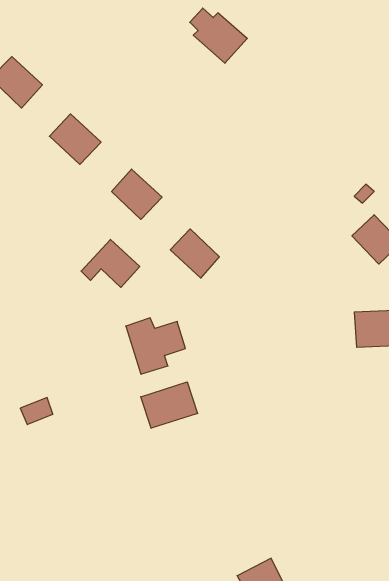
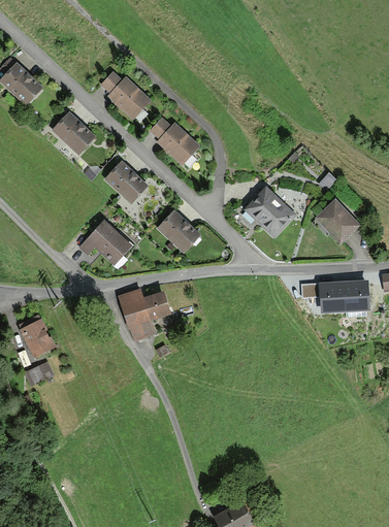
building: [190,8,247,63] -> [102,72,153,121]
building: none -> [152,119,198,163]
building: none -> [245,187,296,237]
building: none -> [19,315,56,355]
building: [141,382,198,428] -> none

